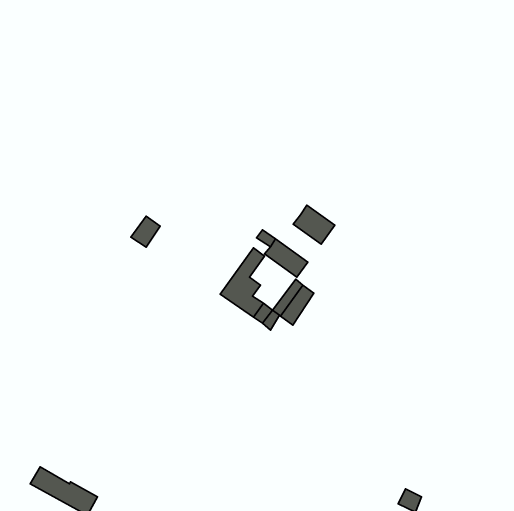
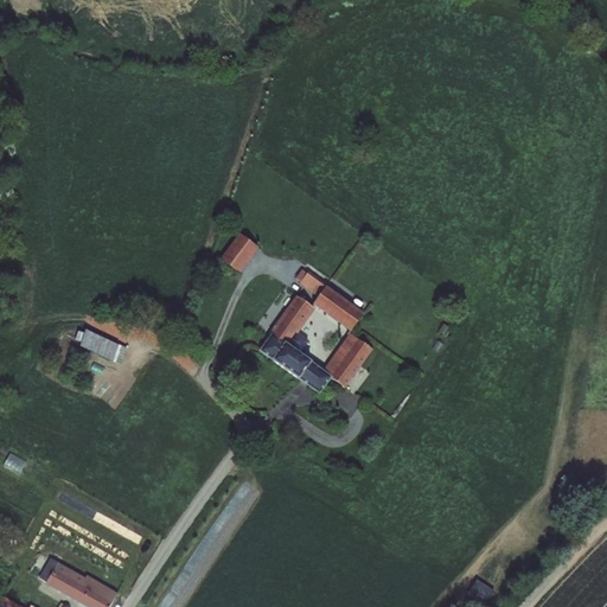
building: [293,205,335,244] -> none
building: [131,216,160,247] -> [221,235,255,271]
building: none -> [81,331,129,364]

